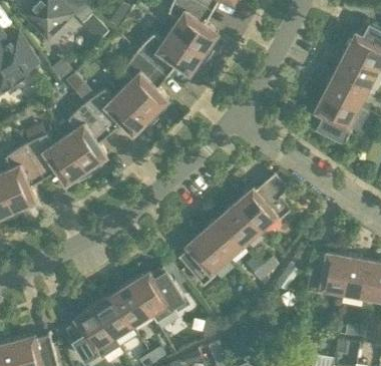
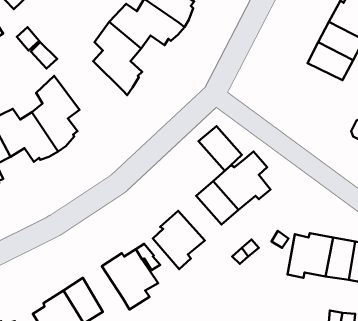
building: [85,90,154,136] -> none
building: [312,92,368,142] -> none
building: [203,218,244,260] -> [198,126,242,171]
building: [112,284,150,327] -> none

